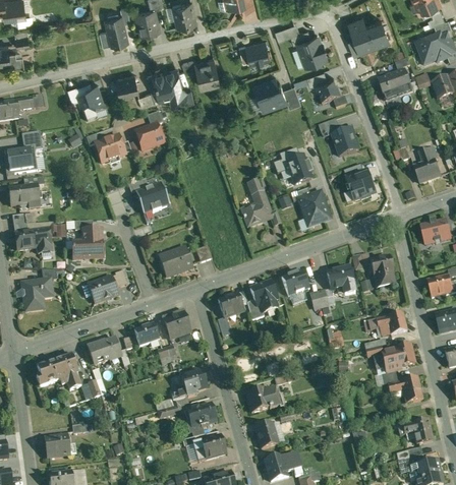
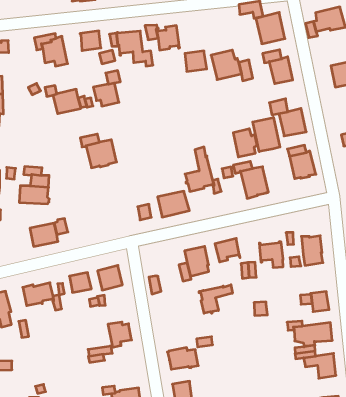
building: [245,39,270,62] -> [185,51,207,71]
building: none -> [253,117,280,152]
building: [159,247,193,277] -> [158,191,189,217]
building: [217,294,243,318] -> none
building: none -> [199,285,232,313]
building: [183,404,216,425] -> none

